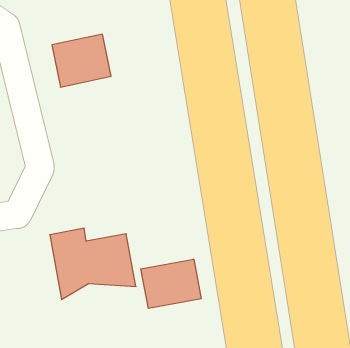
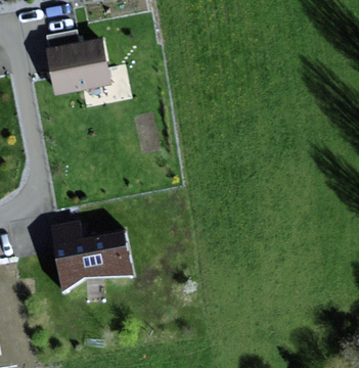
building: [141,259,201,308] -> none

